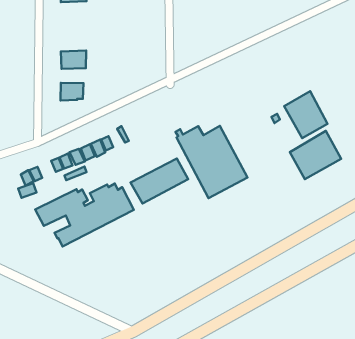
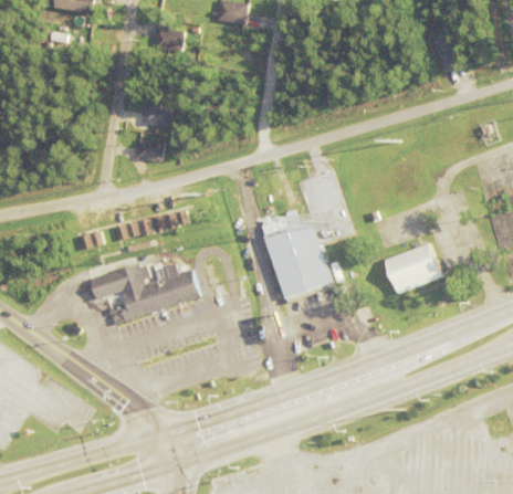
building: [284,91,327,138] -> none
building: [131,159,188,203] -> none

